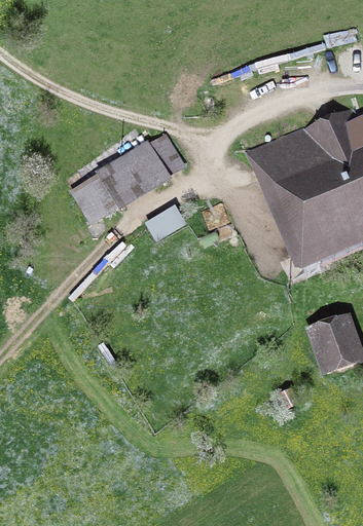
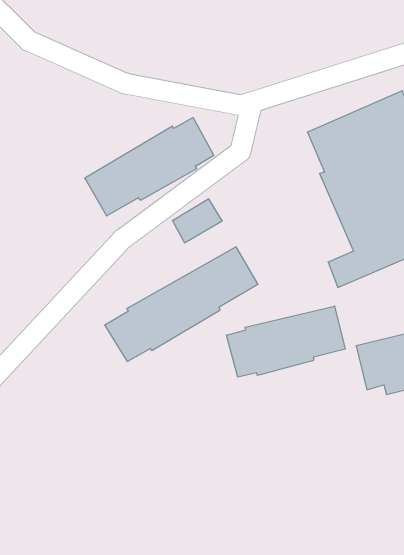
building: none -> [105,247,258,361]
building: none -> [226,306,345,377]

